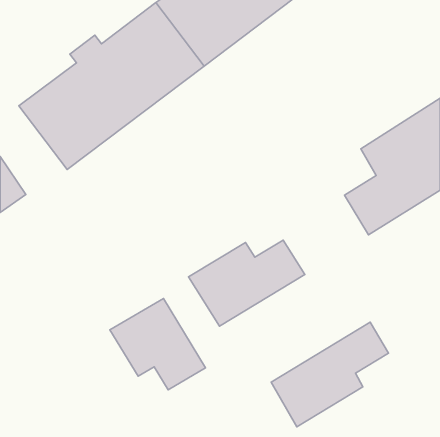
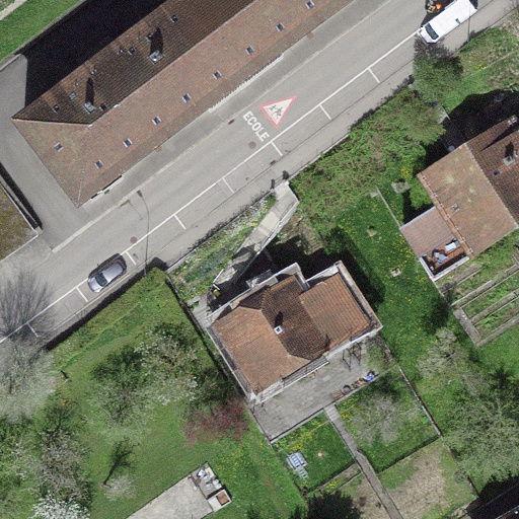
building: [110,299,205,390] -> none
building: [271,322,388,427] -> none

